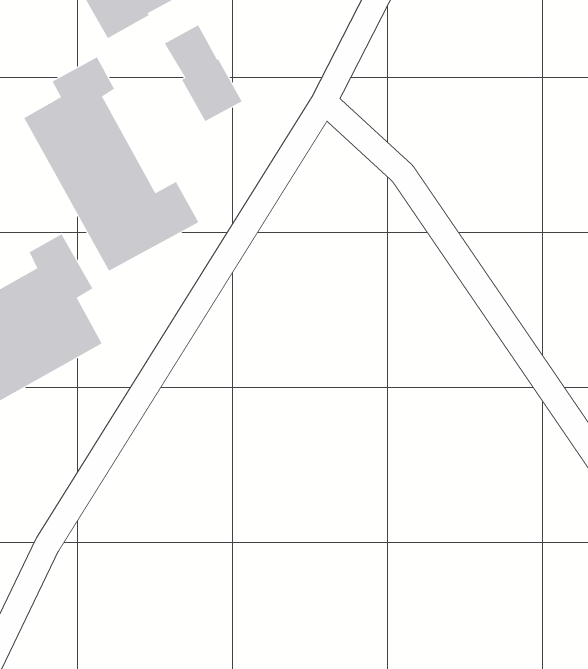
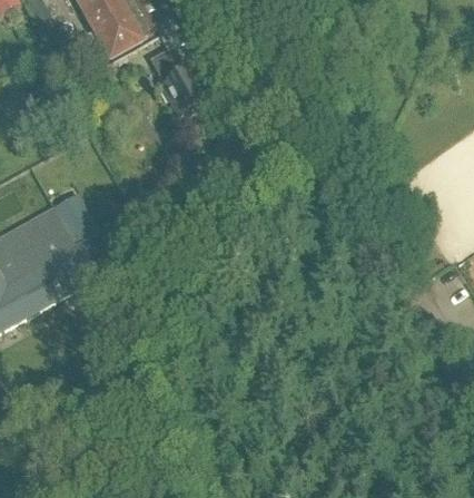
building: [23,57,199,271] -> none

